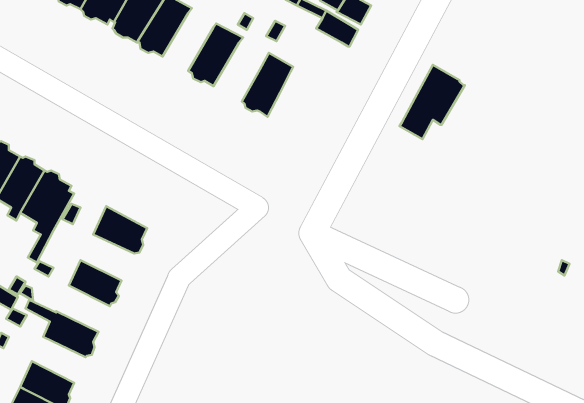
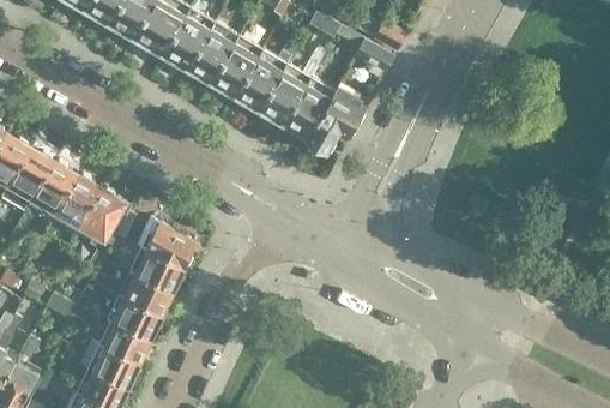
building: none -> [209,36,259,95]
building: none -> [256,64,308,124]
building: [399,65,465,139] -> [304,84,366,154]
building: none -> [132,248,182,292]
building: none -> [109,296,159,340]
building: none -> [80,342,137,388]

